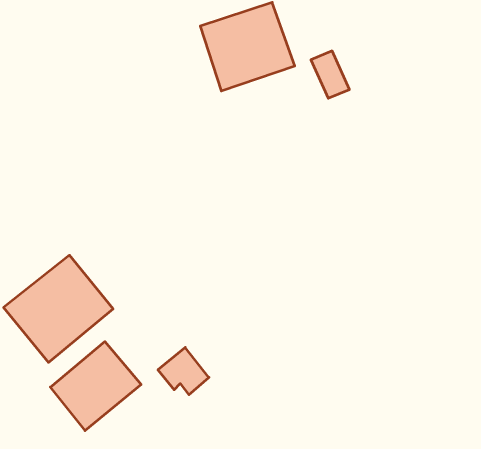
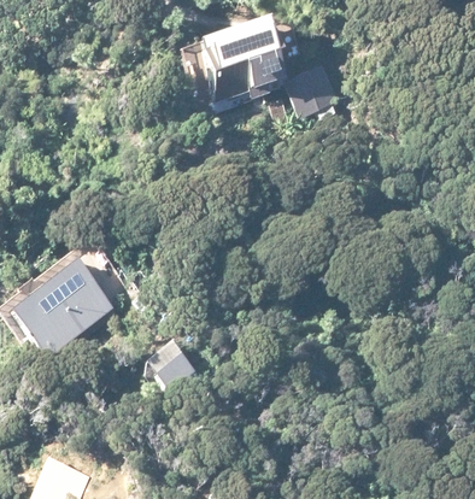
building: [50,342,141,431] -> none

